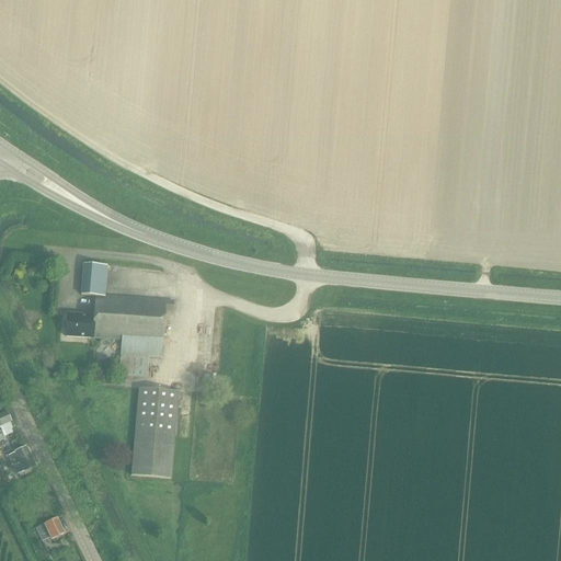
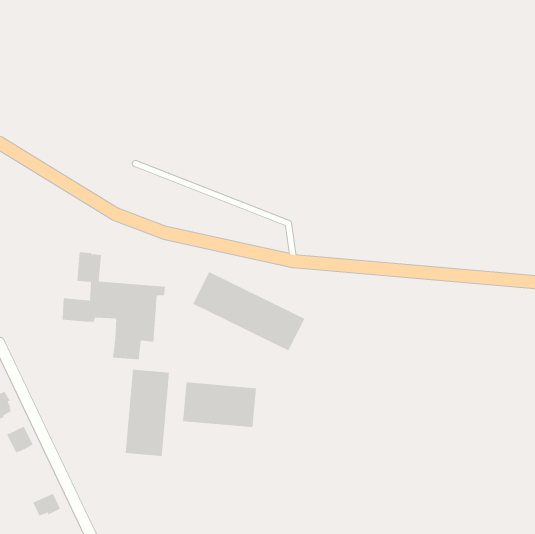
building: none -> [193,271,305,351]
building: none -> [183,382,256,428]

